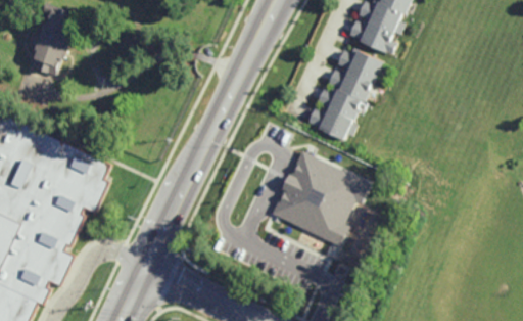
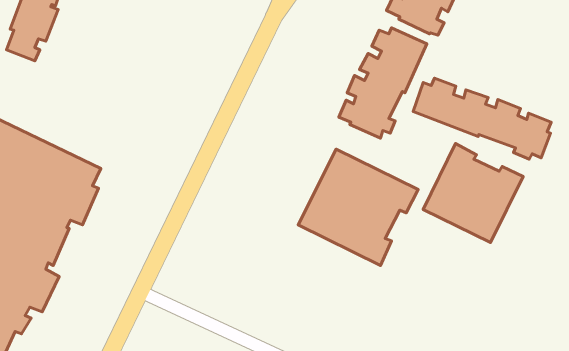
building: none -> [413,78,551,159]
building: none -> [423,144,523,242]

